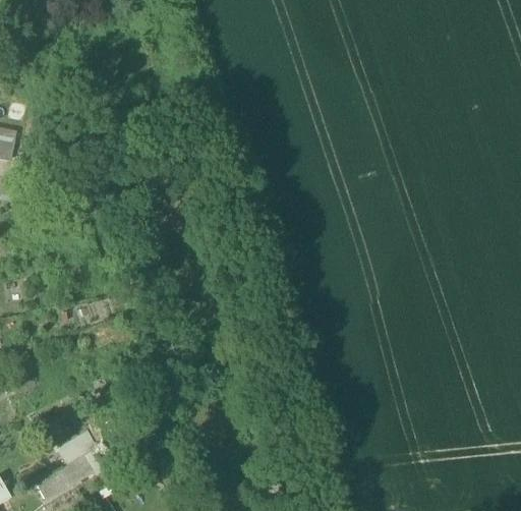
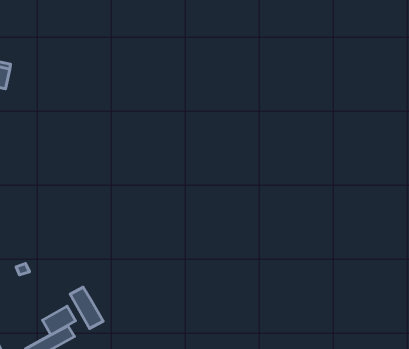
building: none -> [70,287,103,329]

